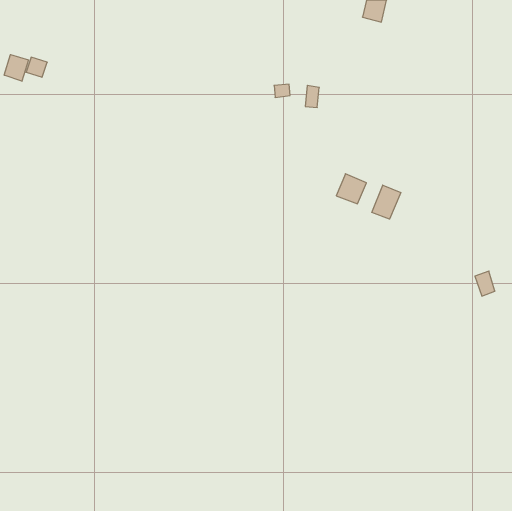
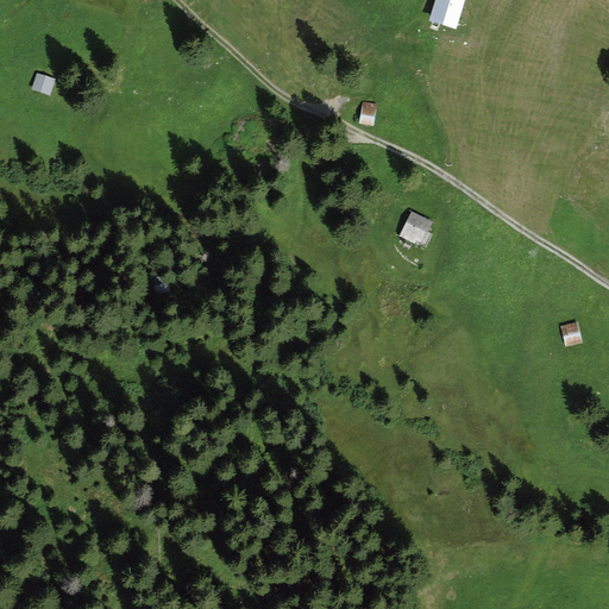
building: [4,55,29,81] -> none
building: [372,185,401,219] -> none

